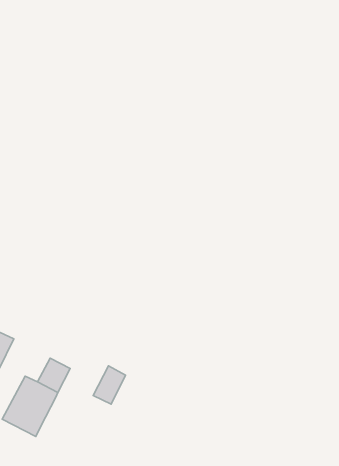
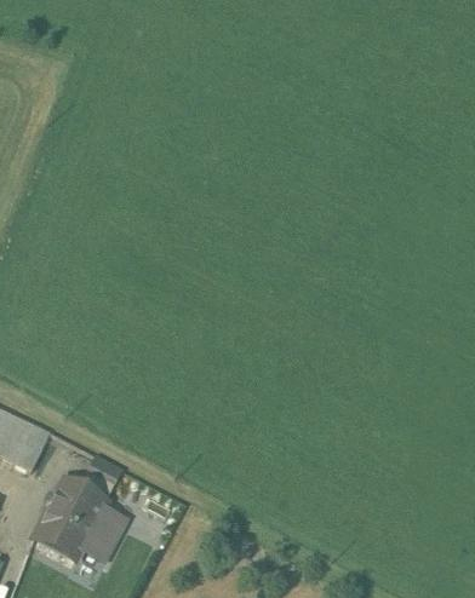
building: [93,366,126,404] -> [84,506,125,554]

